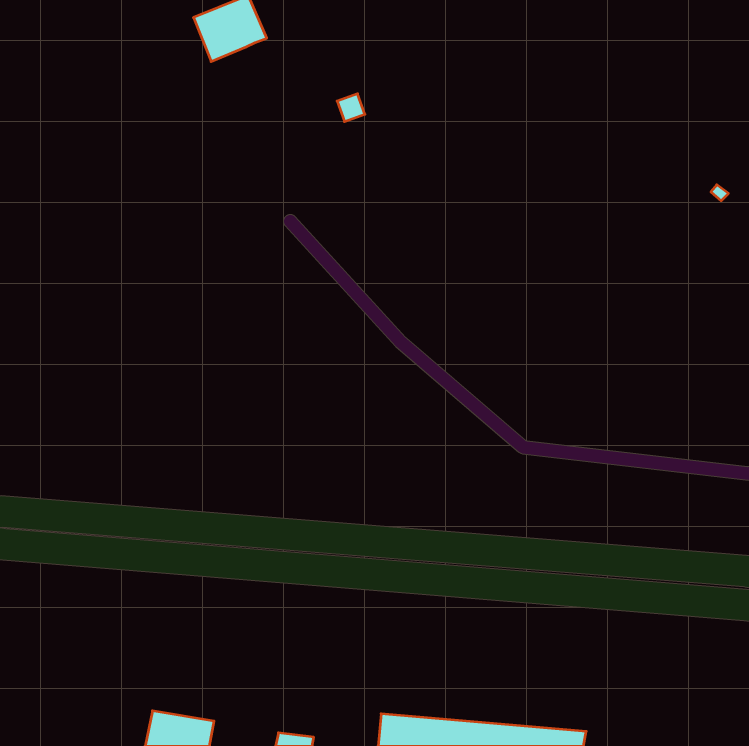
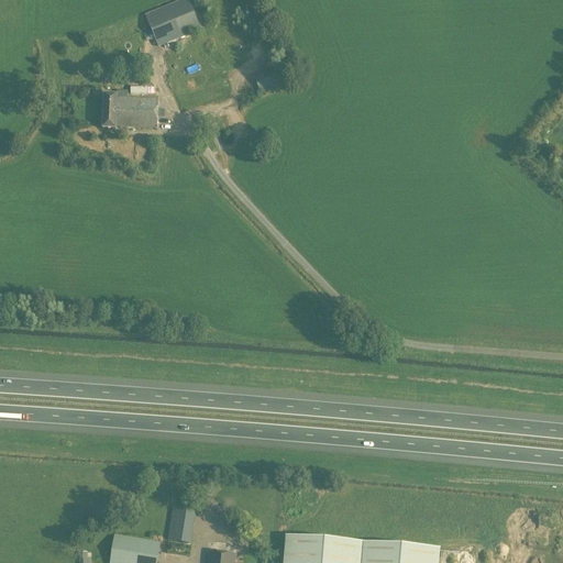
building: none -> [103,93,158,129]
building: none -> [166,505,196,554]

